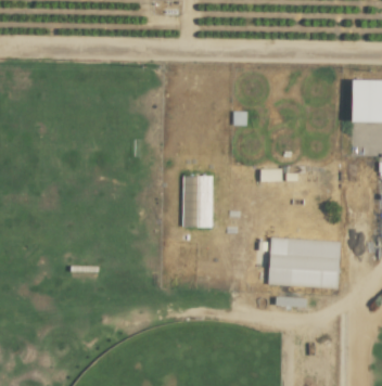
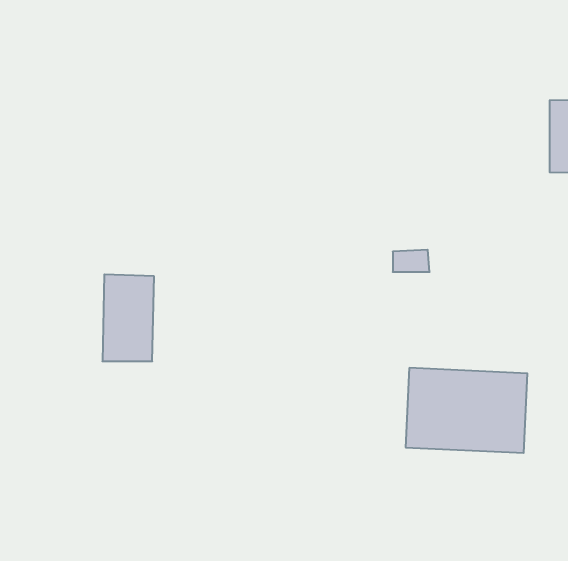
building: [182,176,213,227] -> [102,274,154,361]

